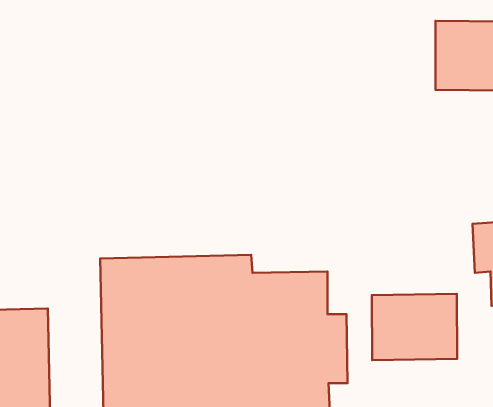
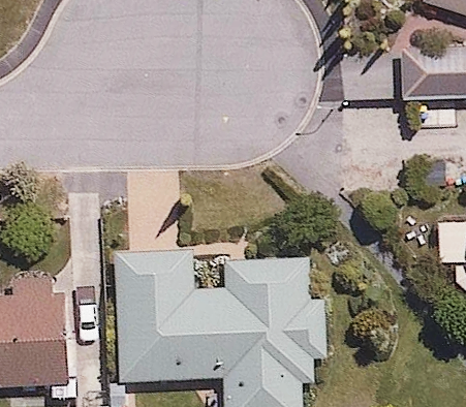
building: [372,294,457,360] -> none

